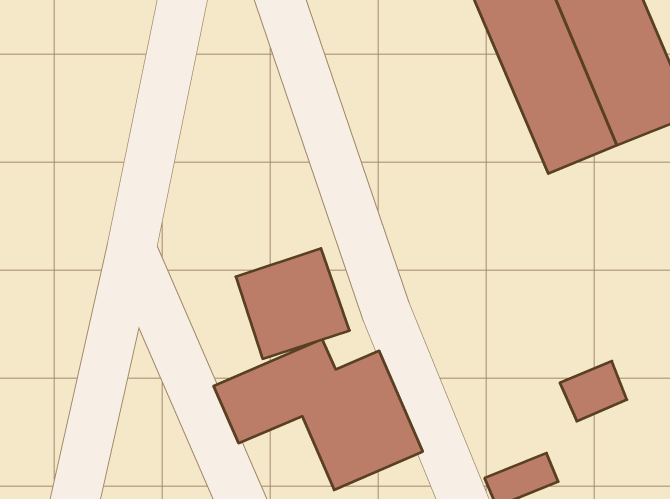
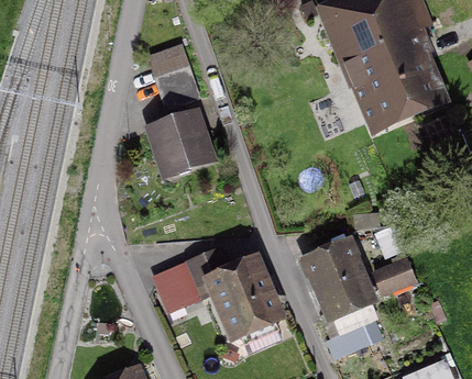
building: none -> [145,41,197,107]
building: [236,248,350,359] -> [141,107,216,179]
building: none -> [295,232,375,320]

